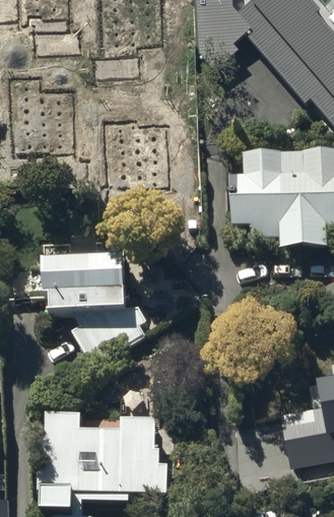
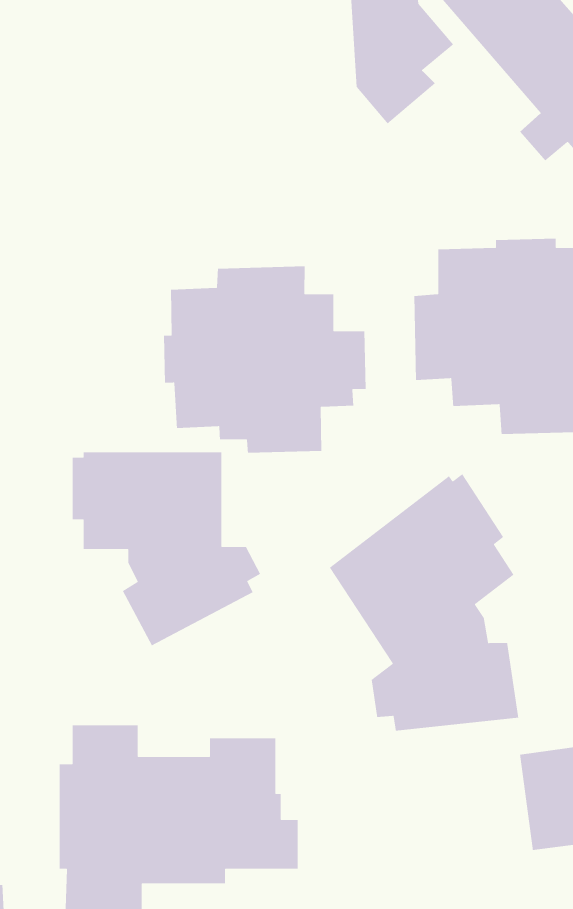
building: none -> [163,266,367,454]
building: none -> [329,473,519,732]

